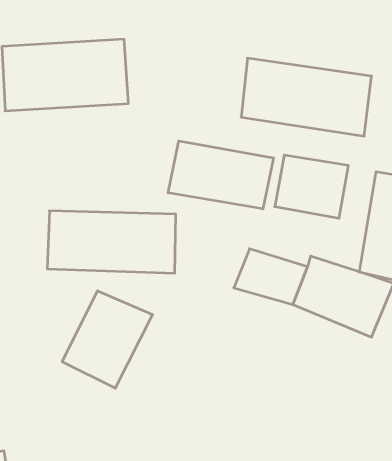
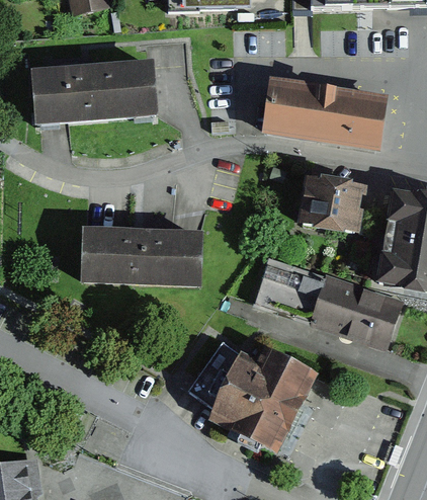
building: [168,141,274,209] -> none
building: [62,291,153,388] -> none
building: none -> [189,337,317,454]

